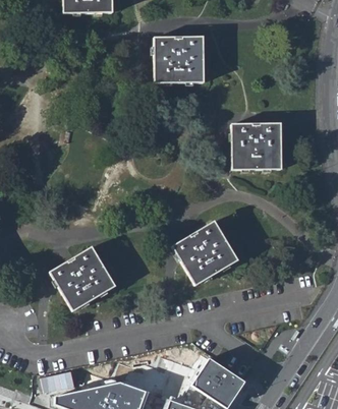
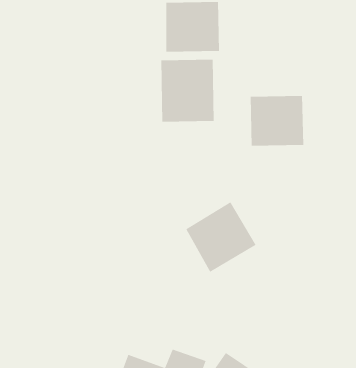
building: none -> [161,59,214,122]
building: [49,246,115,311] -> none

